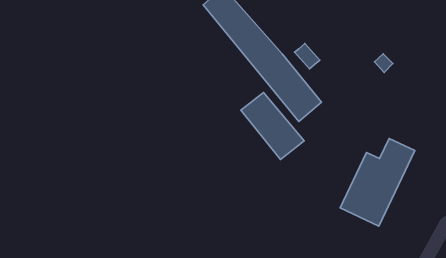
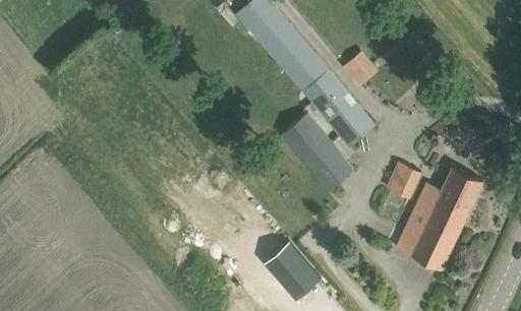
building: none -> [387,162,421,198]
building: none -> [265,240,321,299]

